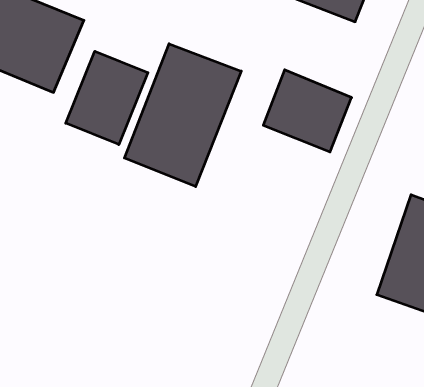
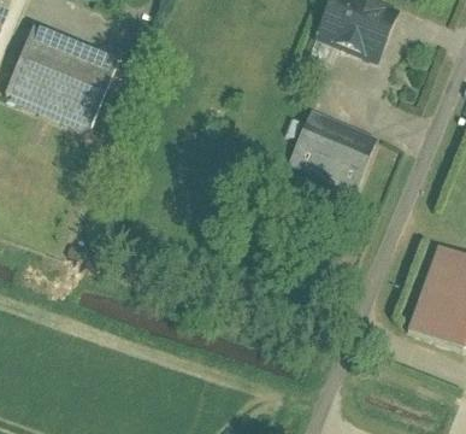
building: [124,44,241,187] -> none
building: [66,51,148,145] -> none

